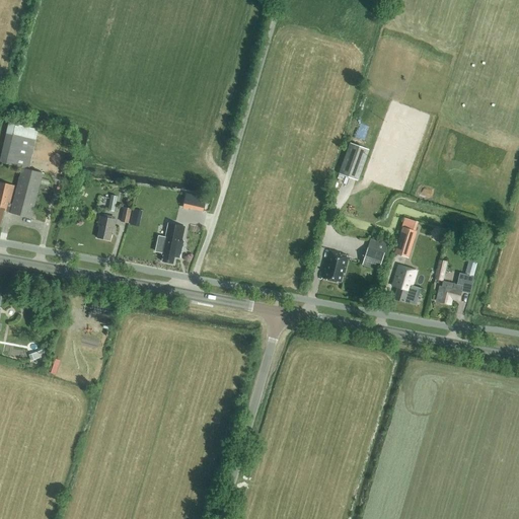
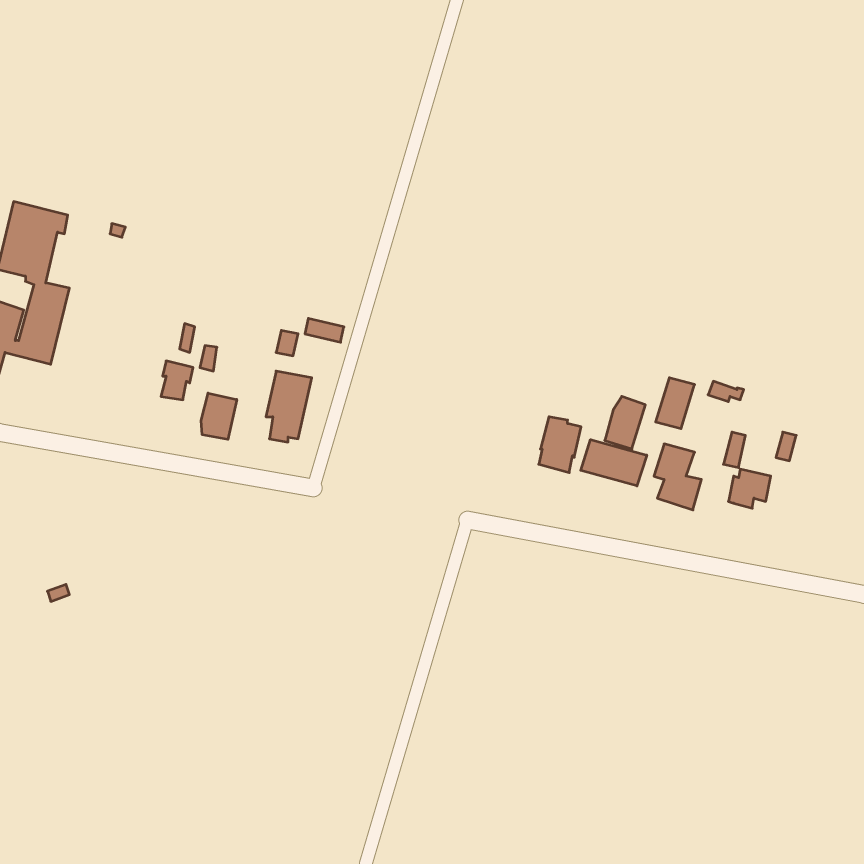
building: [338,141,368,179] -> none
building: none -> [201,393,237,439]
building: none -> [581,440,647,486]

